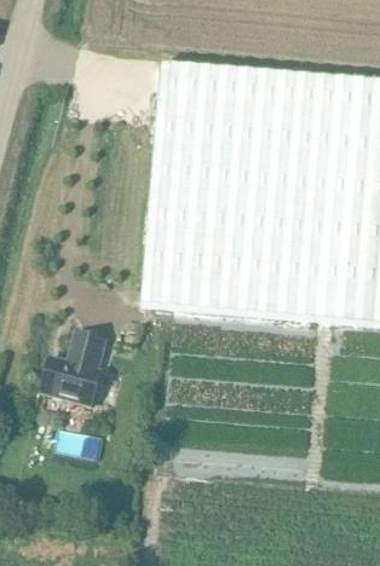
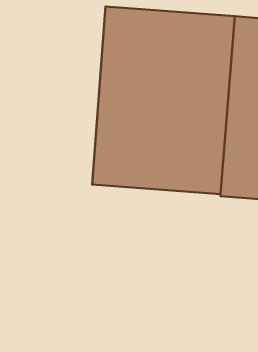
building: [41,327,104,400] -> none

